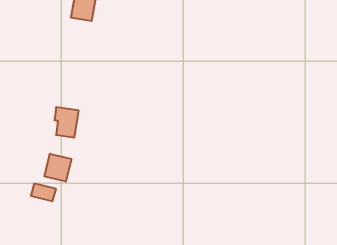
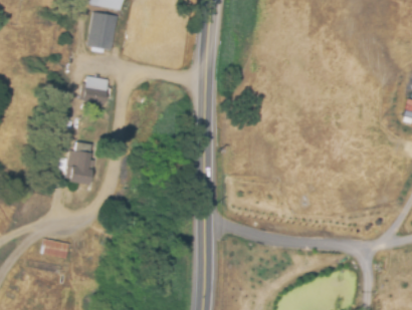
building: none -> [83,75,109,102]
building: [44,154,71,182] -> none

